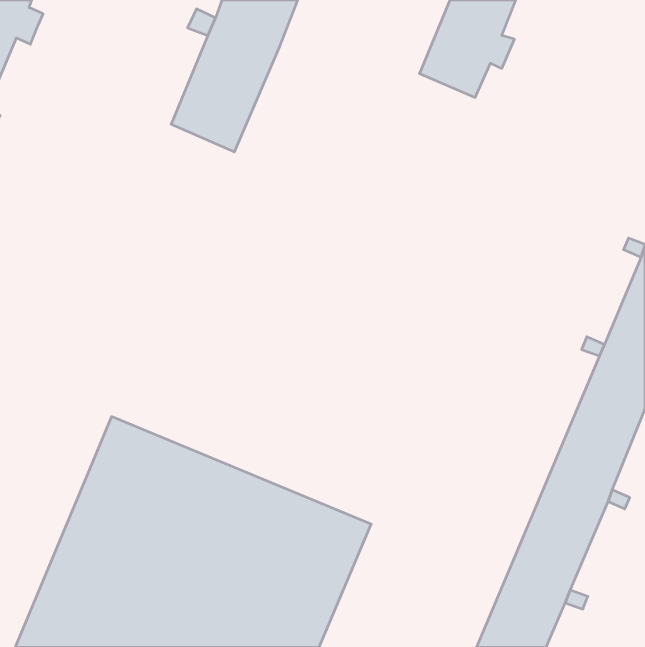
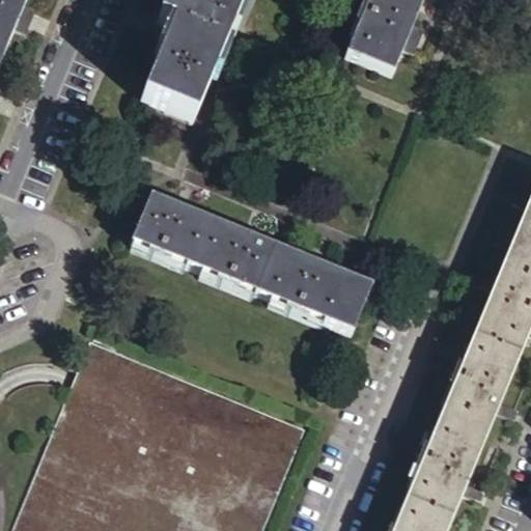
building: none -> [130,191,369,336]

